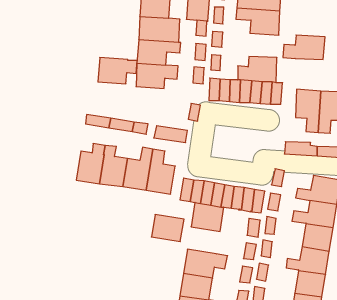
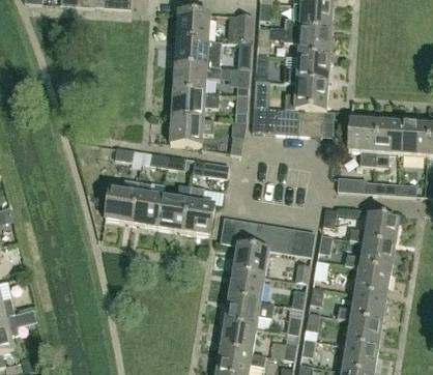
building: [283,35,325,59] -> [283,57,329,84]
building: [98,58,137,84] -> [169,116,212,145]
building: [151,215,184,242] -> [228,271,264,301]

